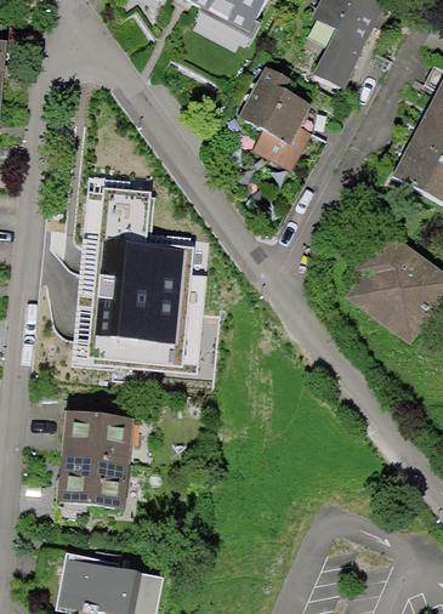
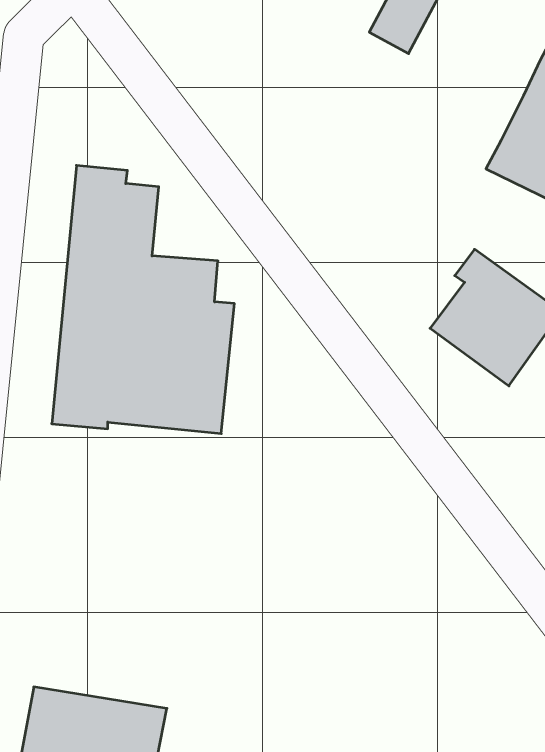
building: [229,69,308,175] -> none
building: [58,408,136,506] -> none

